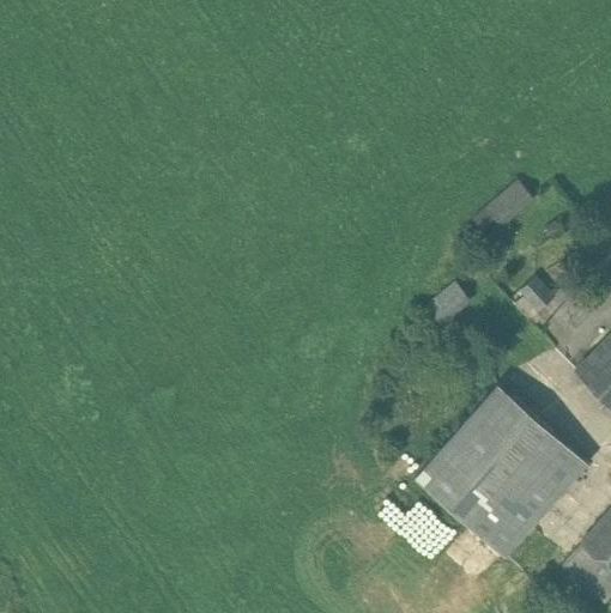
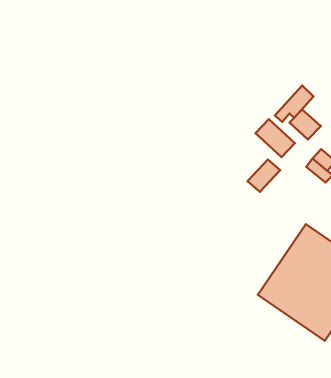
building: none -> [290,109,321,140]
building: none -> [255,119,295,157]

